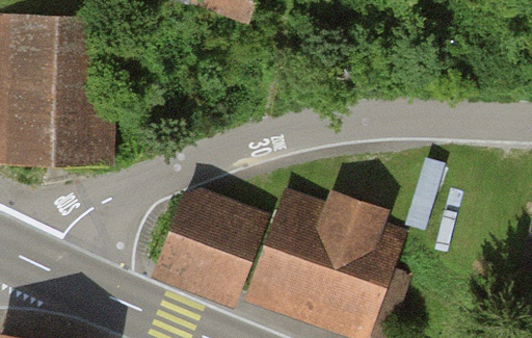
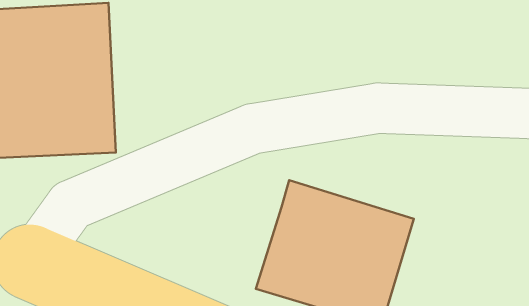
building: [163,189,274,294] -> none

